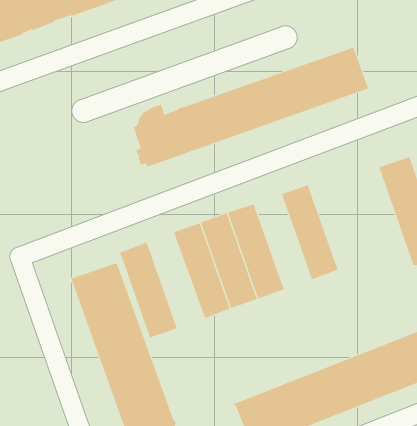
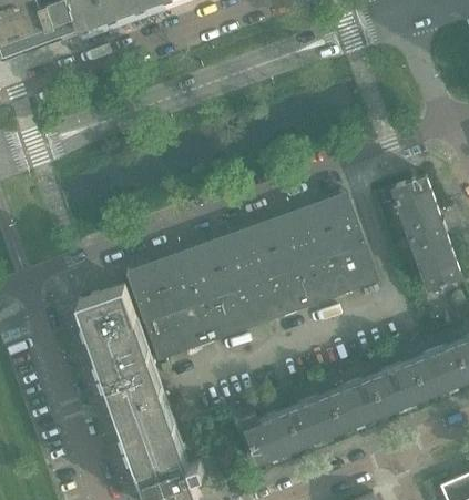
building: [133,47,369,168] -> none
building: none -> [319,192,378,290]
building: none -> [264,213,323,310]
building: none -> [154,252,213,350]

